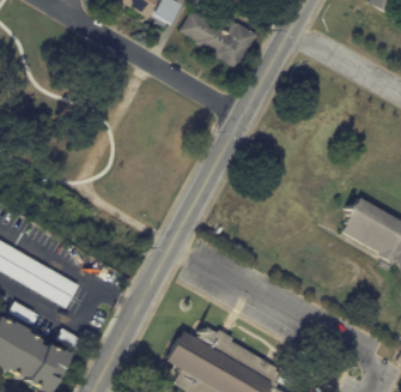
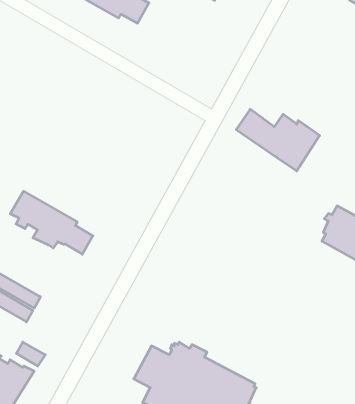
building: [180,11,259,70] -> [236,109,320,171]
building: none -> [10,191,93,254]

